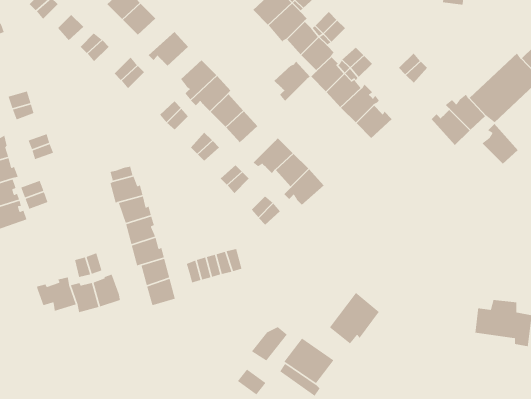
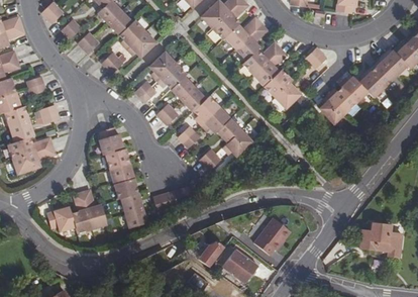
building: none -> [119,19,145,48]
building: [274,61,310,102] -> [193,96,219,125]
building: [482,123,518,164] -> [319,94,345,123]

